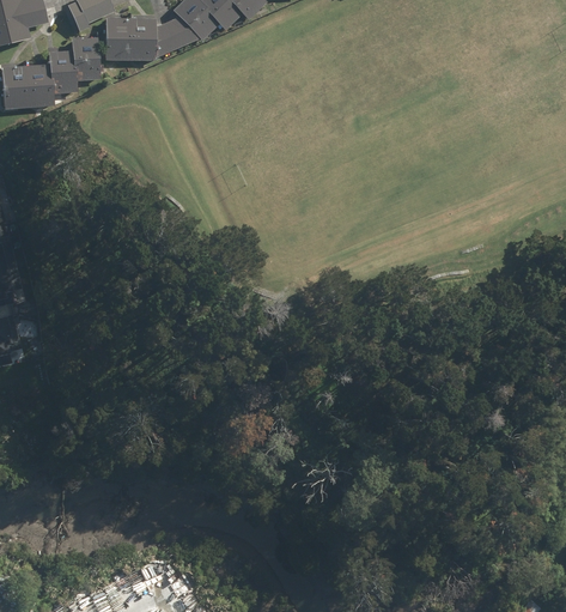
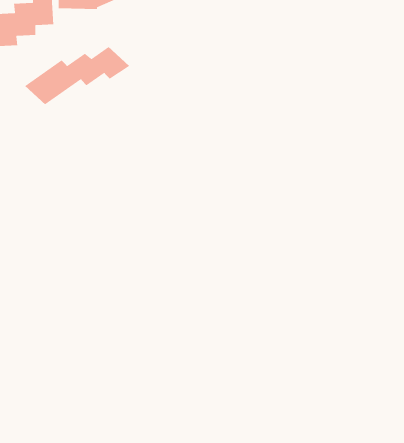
building: none -> [24,46,130,105]

